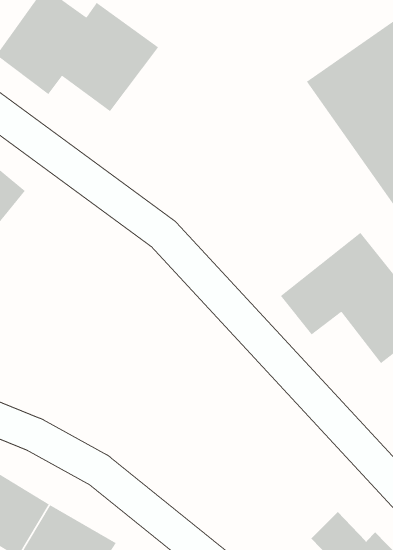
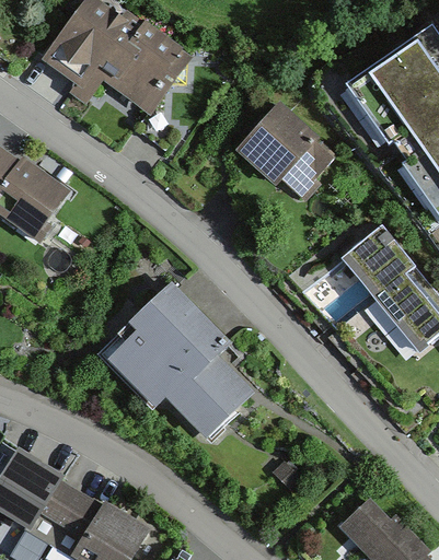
building: none -> [232,98,345,201]
building: none -> [99,285,254,442]

